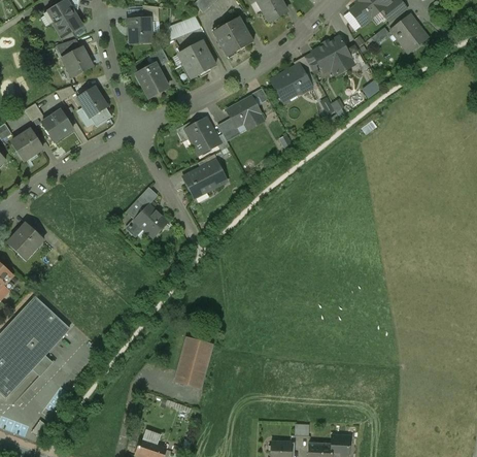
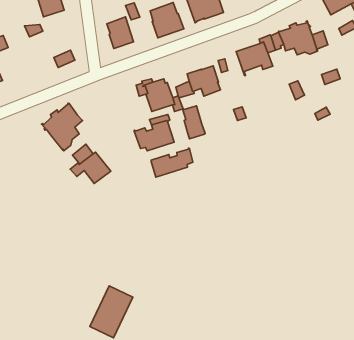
building: [77,87,106,117] -> none
building: [41,109,72,141] -> none
building: none -> [183,106,205,139]
building: none -> [41,103,82,151]
building: none -> [151,148,193,177]

